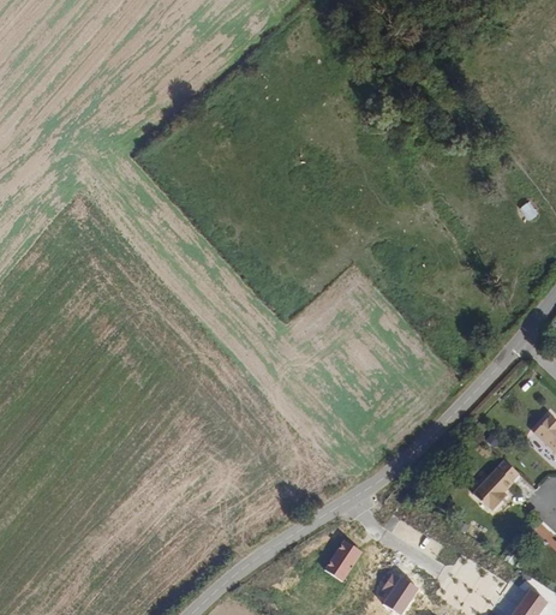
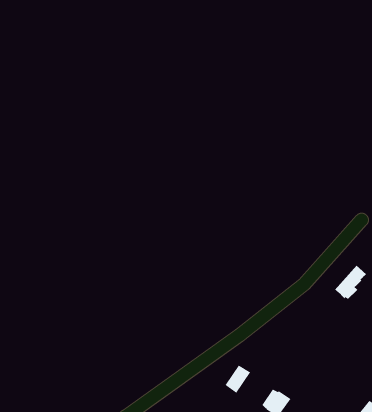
building: [472,459,518,508] -> [334,265,367,300]

